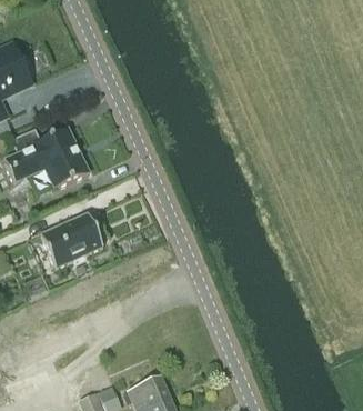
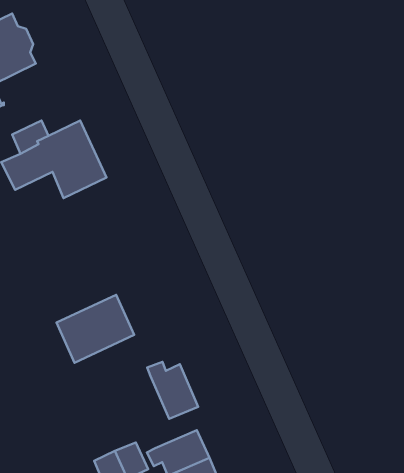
building: [41,212,103,267] -> [56,295,134,363]
building: none -> [147,362,198,419]

